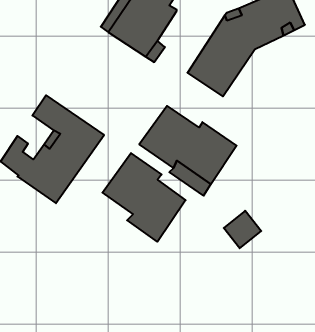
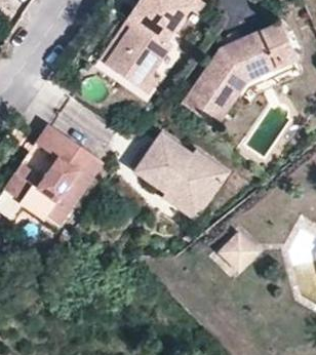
building: [102,153,186,242] -> none

